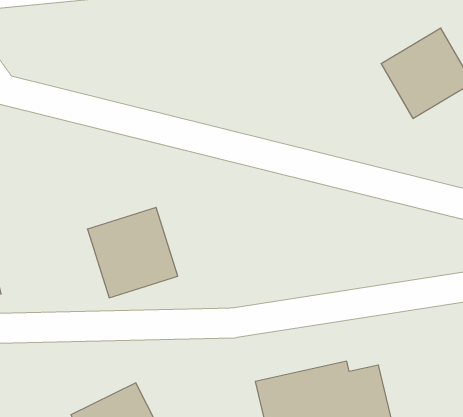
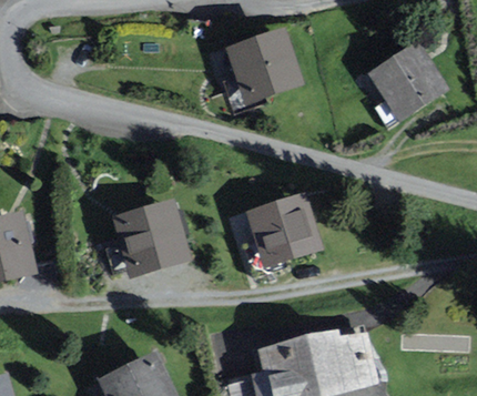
building: none -> [229,29,301,101]
building: none -> [244,191,323,267]

